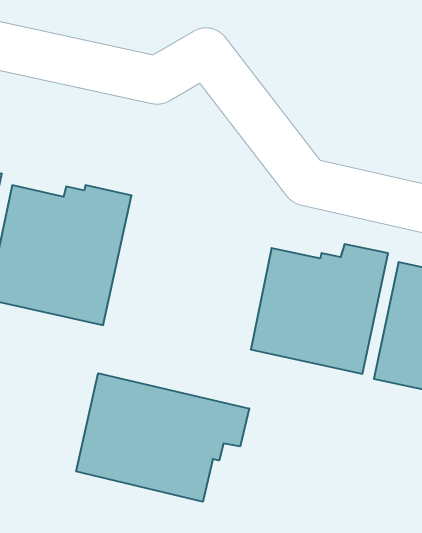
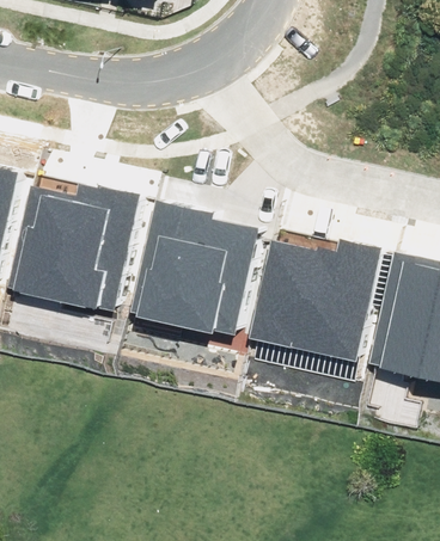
building: none -> [128,198,261,342]
building: [76,373,249,502] -> none

